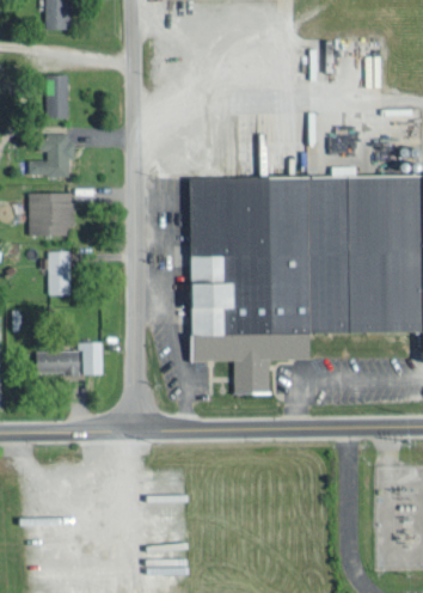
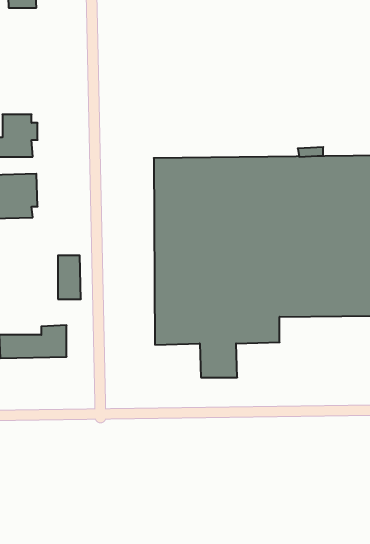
building: [44,74,68,118] -> none
building: [48,252,70,295] -> [58,255,81,299]

